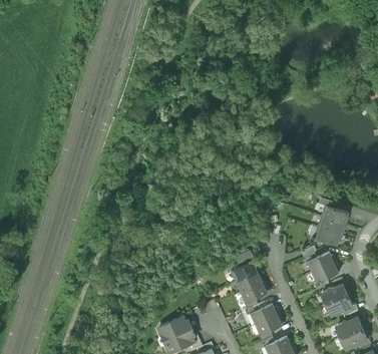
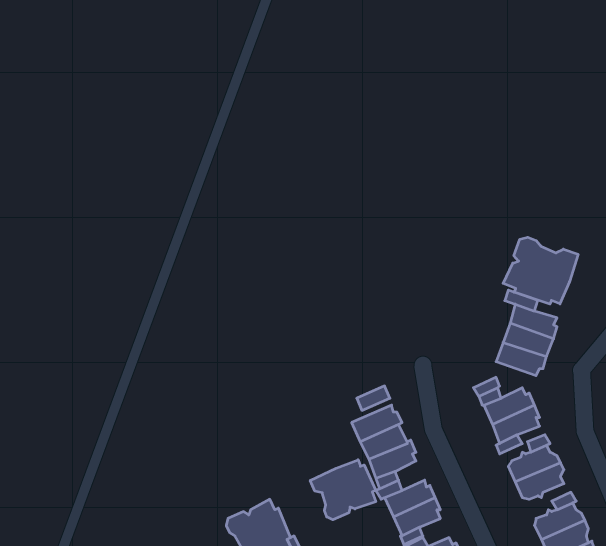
building: none -> [503,237,578,304]
building: none -> [310,460,376,520]

